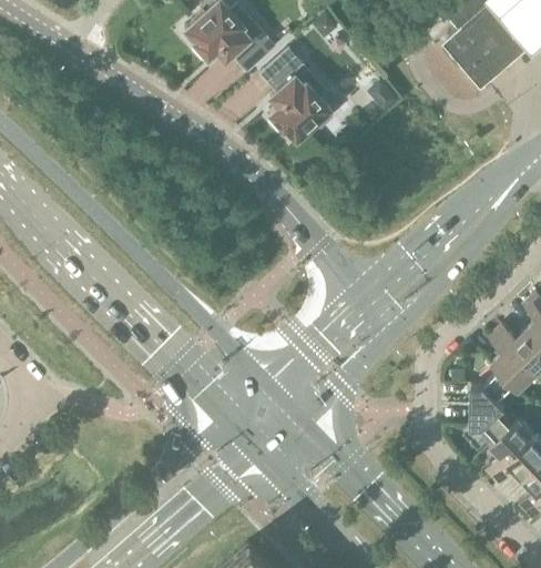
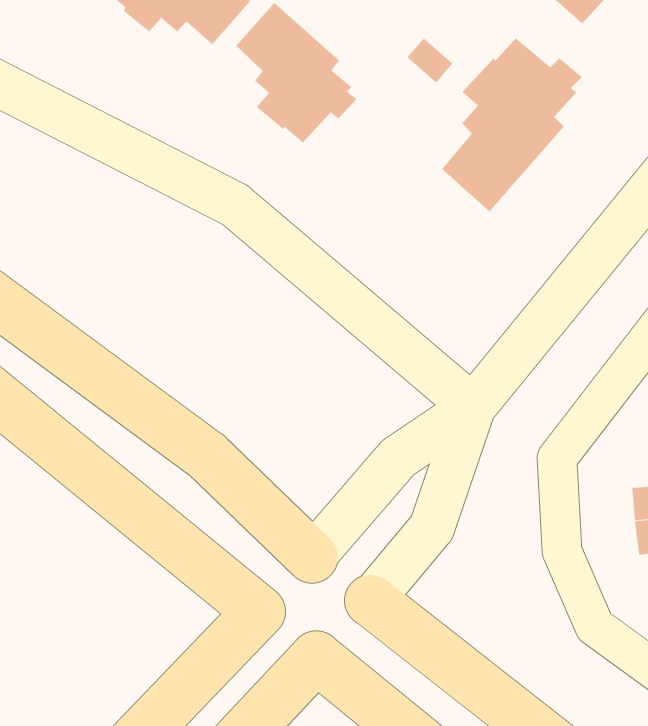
building: none -> [441,37,583,212]

